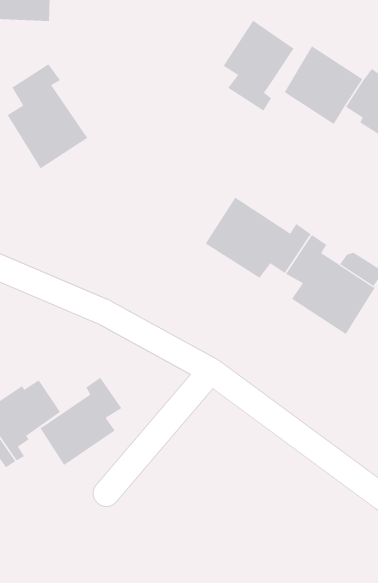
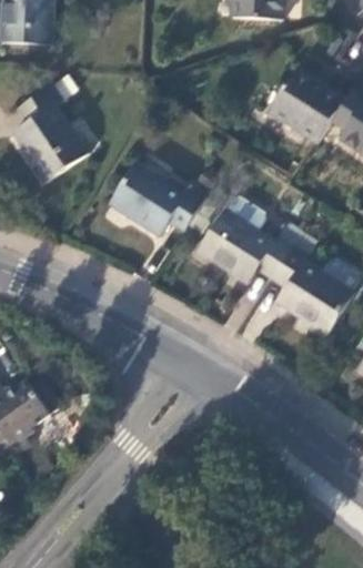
building: [223,20,295,111] -> none
building: none -> [108,161,205,236]
building: [39,377,122,466] -> none

